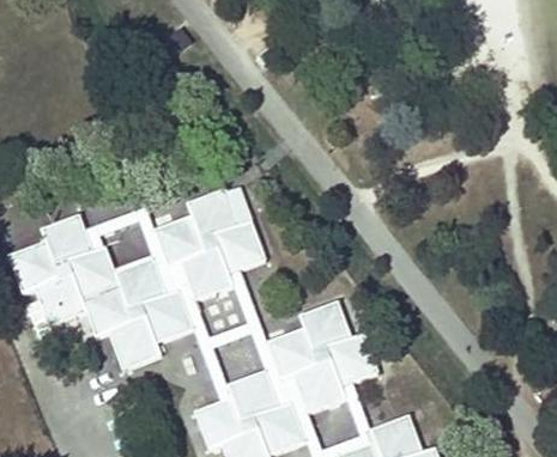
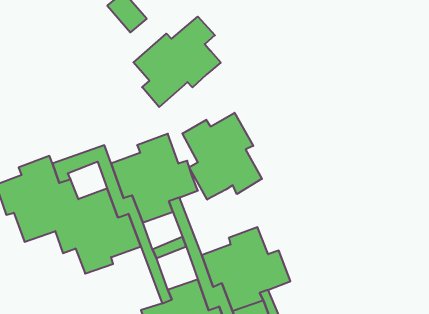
building: none -> [133,17,221,107]
building: none -> [182,113,262,200]

